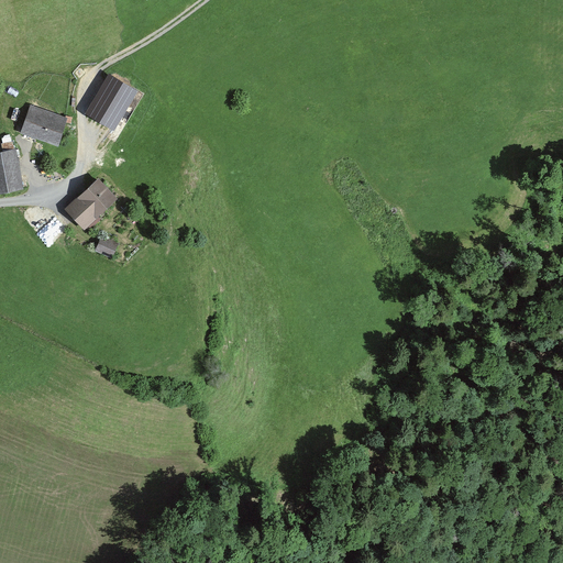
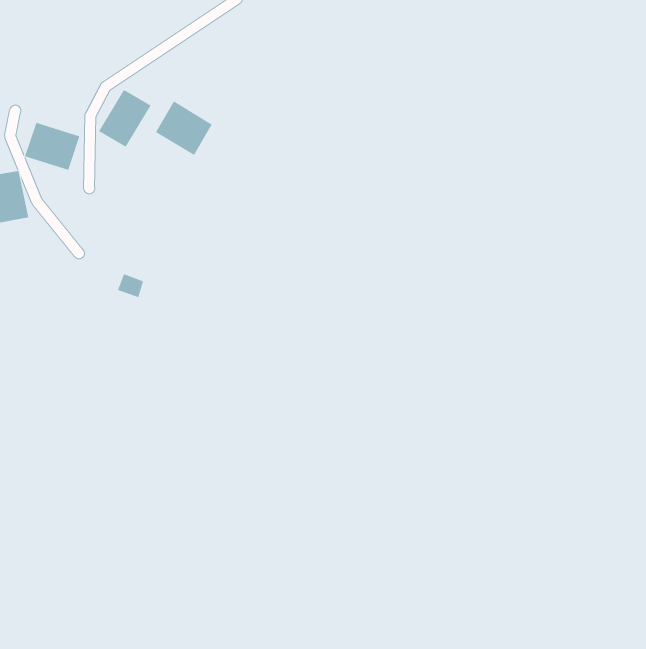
building: none -> [155,101,213,156]
building: [62,177,115,230] -> none

